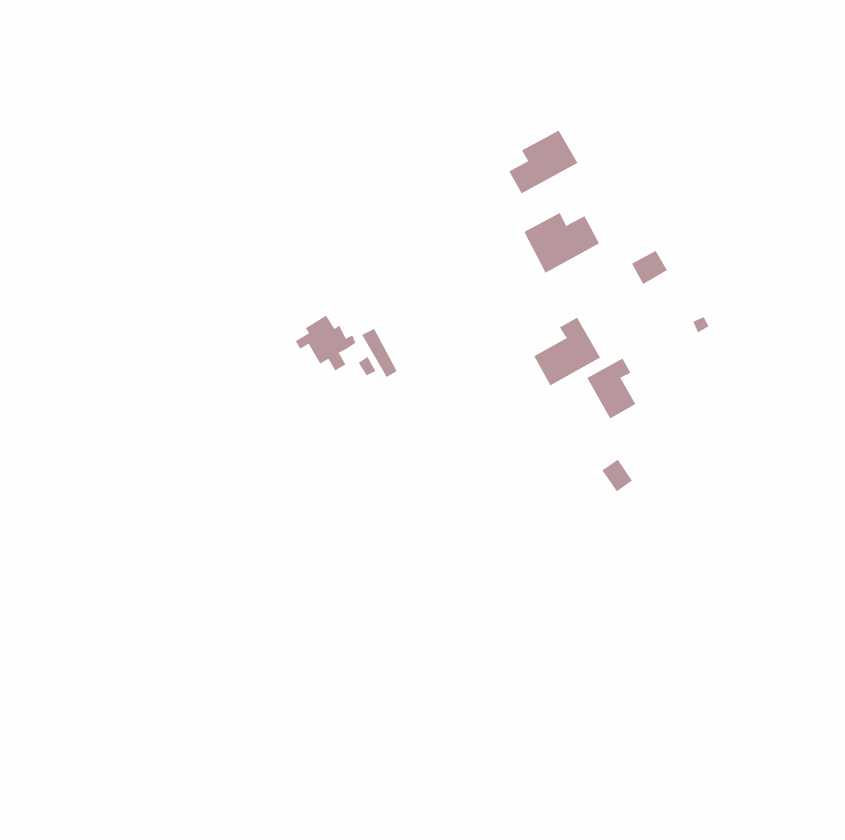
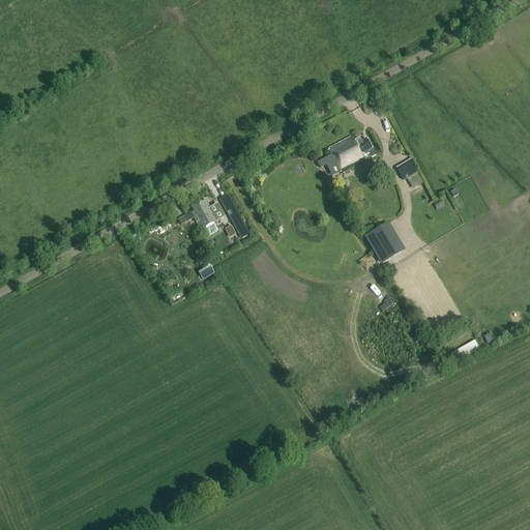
building: [509,130,578,194] -> none
building: [533,317,601,386] -> none

